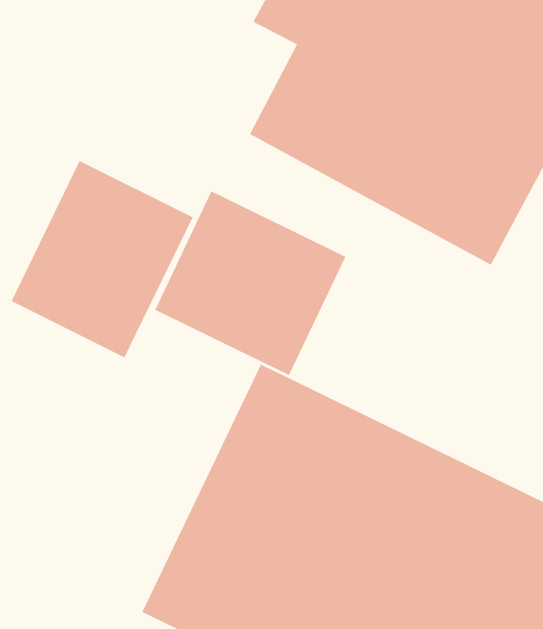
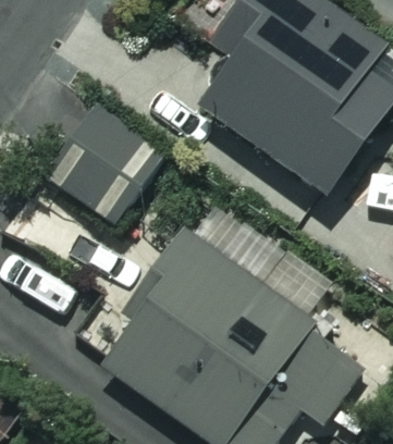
building: [154,191,346,376] -> none

